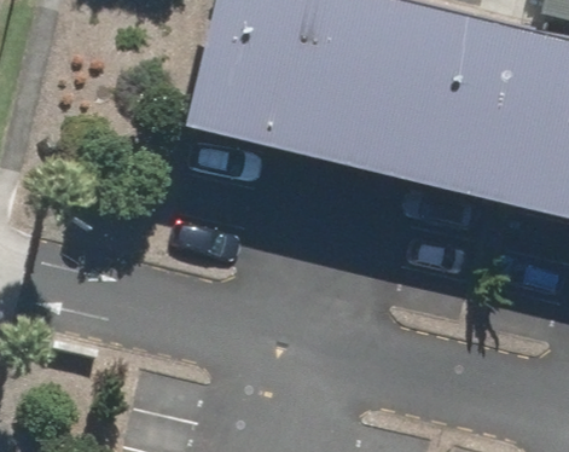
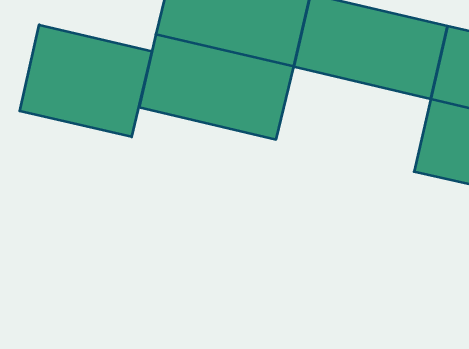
building: none -> [20,25,152,137]
building: [330,82,510,204] -> none

